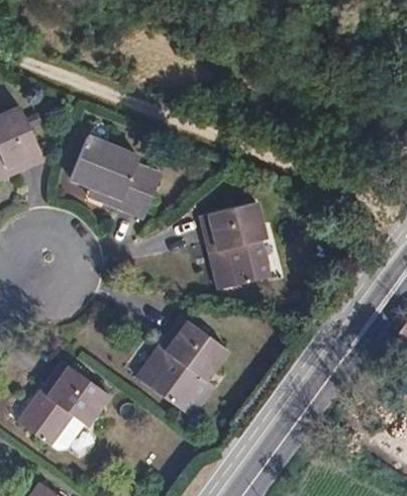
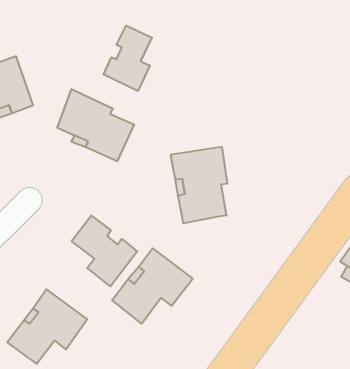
building: none -> [103,26,152,91]
building: none -> [72,216,137,286]

